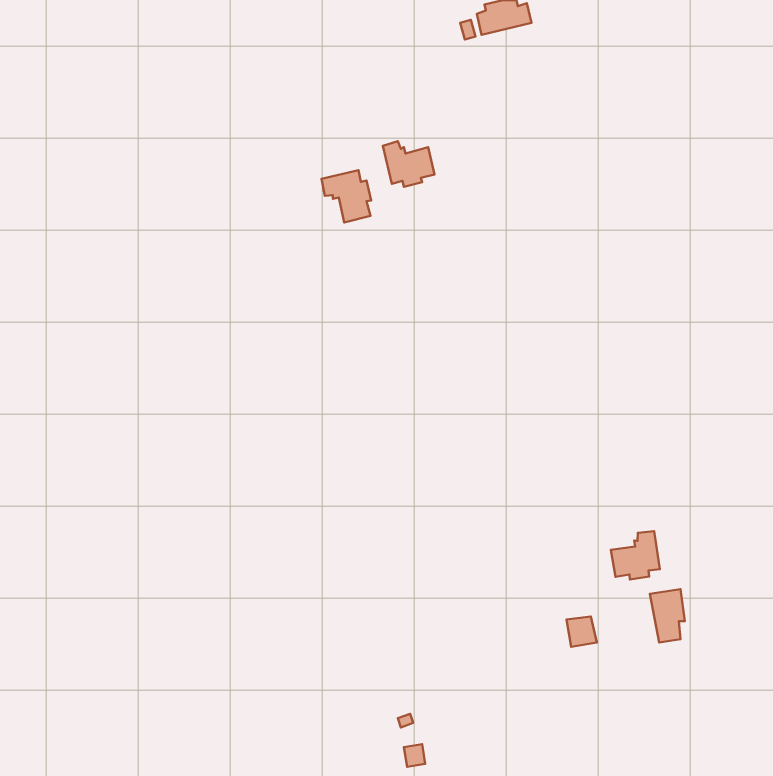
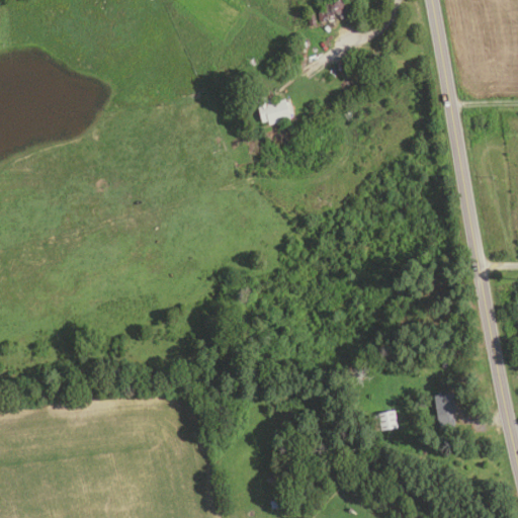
building: [322,170,371,223] -> none
building: [611,531,660,579] -> none

